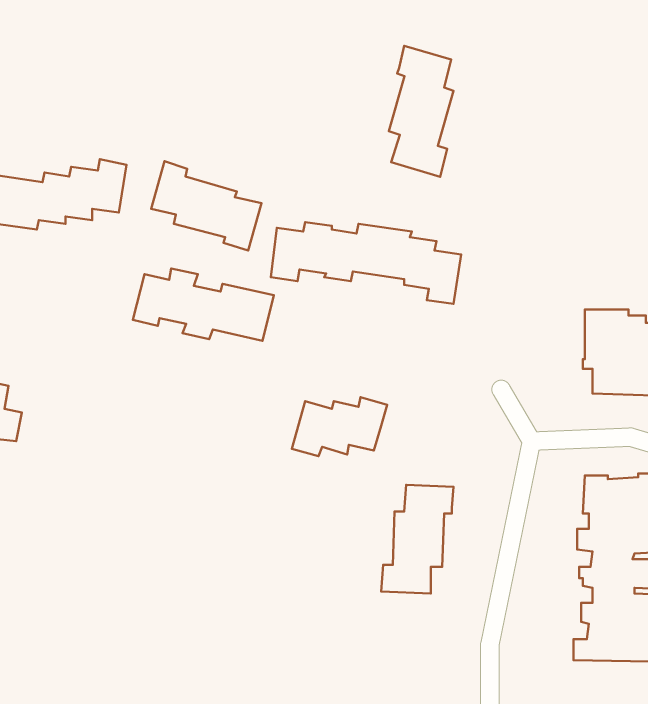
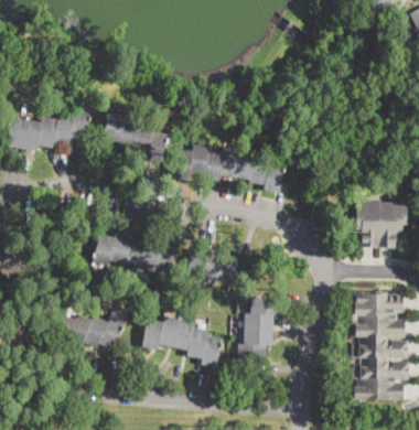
building: [389,46,454,177] -> none
building: [133,269,274,341] -> [94,232,175,273]
building: none -> [51,313,123,348]
building: none -> [142,315,222,366]

